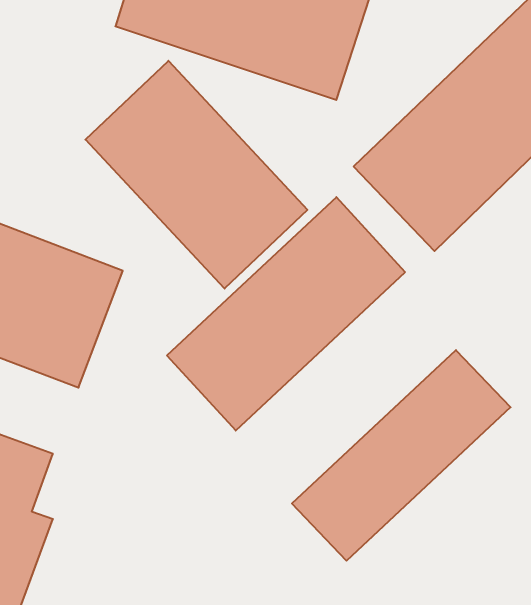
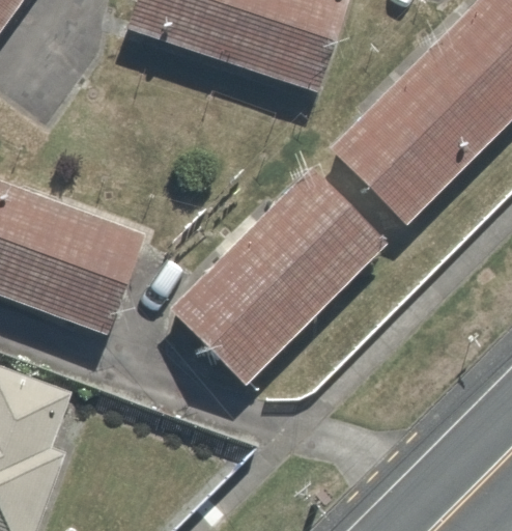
building: [85,61,307,289] -> none
building: [292,350,511,561] -> none

